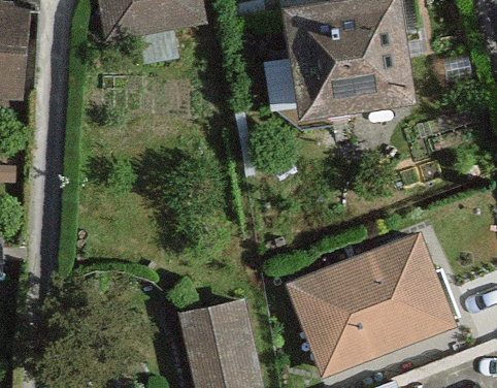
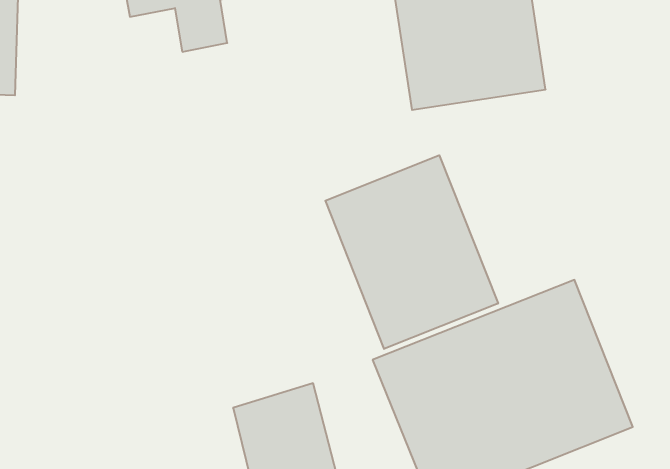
building: none -> [325,155,498,349]

